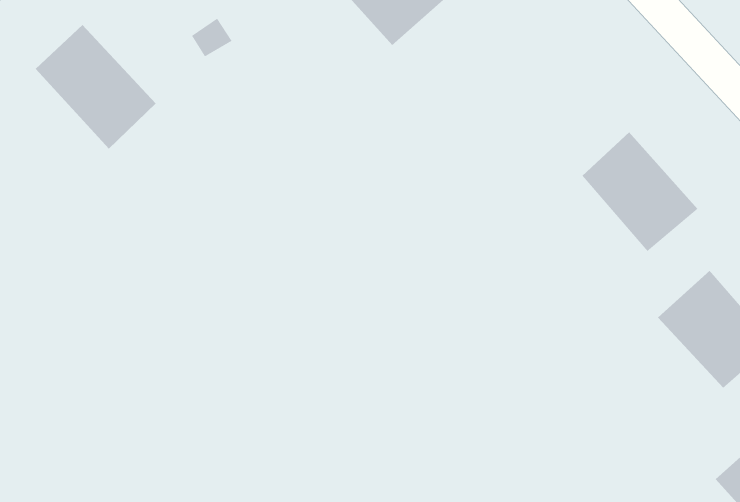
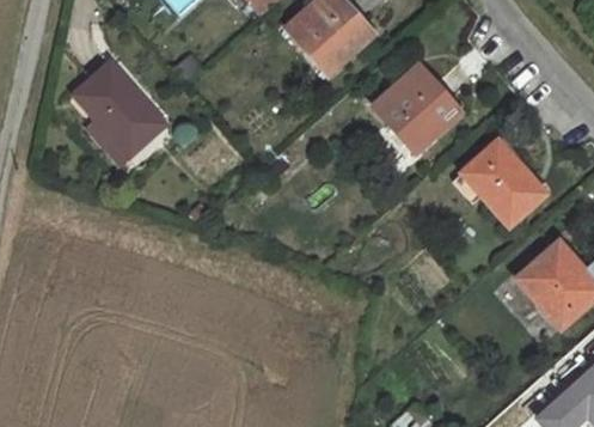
building: none -> [376,69,460,151]

